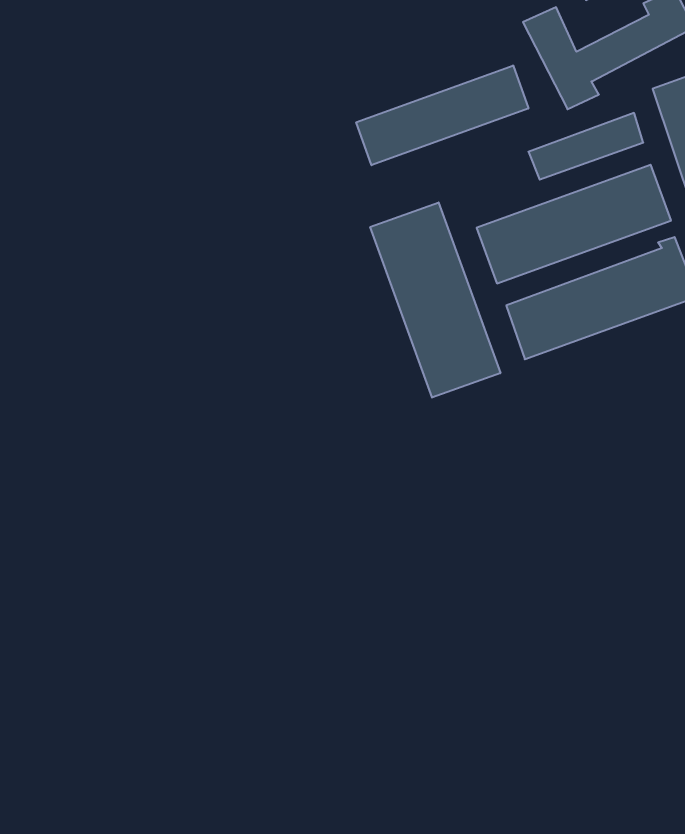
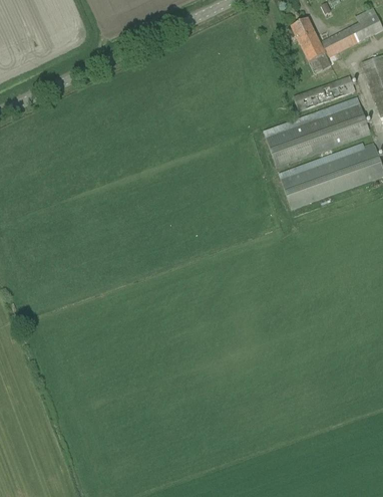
building: [356,65,528,165] -> none
building: [370,202,500,398] -> none

